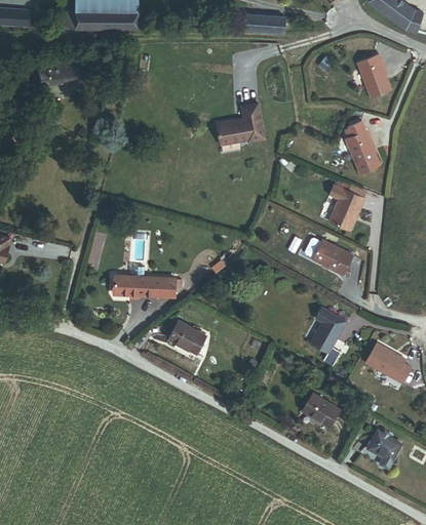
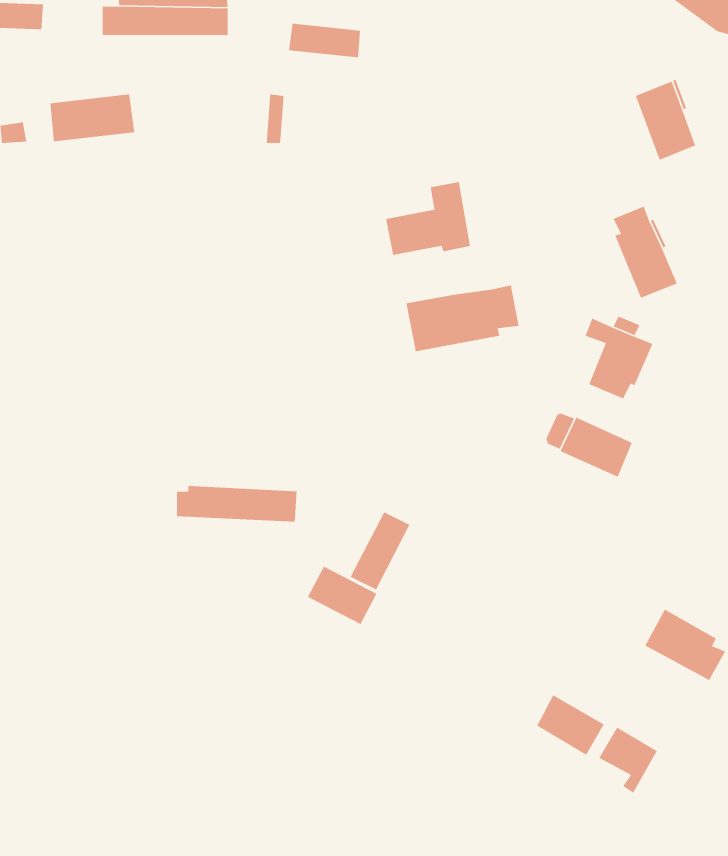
building: [241,14,281,34] -> [288,23,361,58]
building: none -> [406,284,520,352]
building: none -> [350,511,410,591]
building: [310,308,348,368] -> none
building: [369,432,401,469] -> [598,727,658,794]

